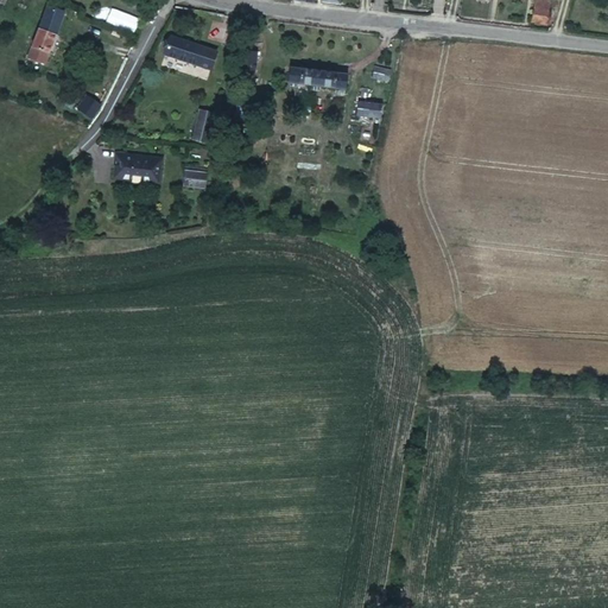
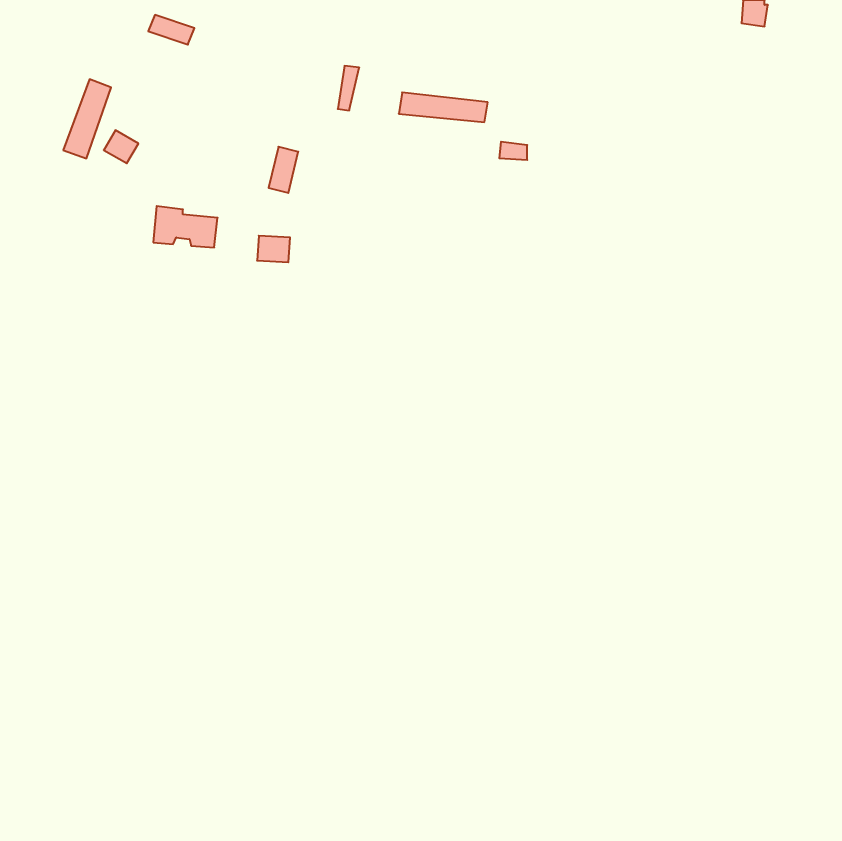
building: [26,7,61,64] -> [63,79,111,158]
building: [166,34,218,65] -> none

